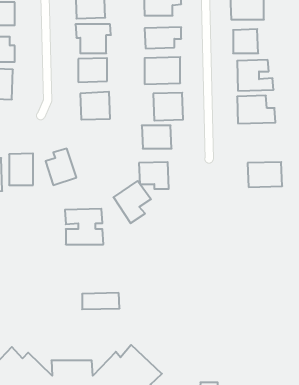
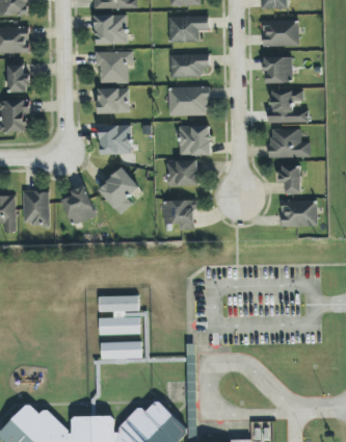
building: none -> [281,164,301,193]
building: [113,181,151,223] -> [99,168,139,214]
building: [65,209,103,244] -> [99,295,140,334]

